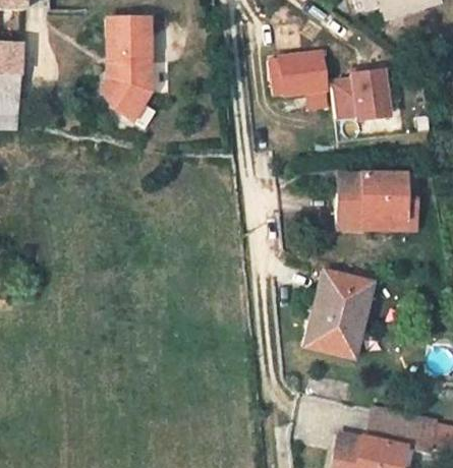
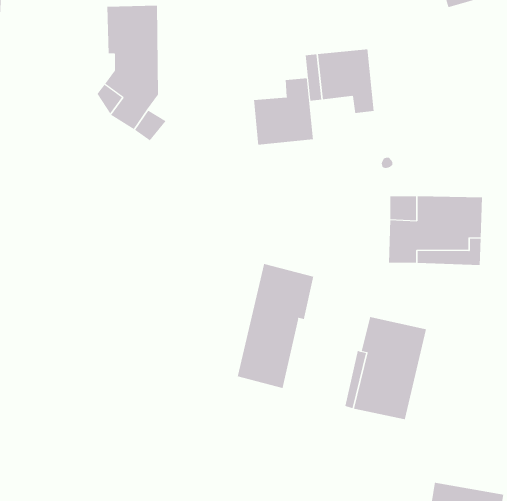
building: [333,68,392,119] -> none
building: none -> [253,78,313,146]
building: none -> [237,263,314,389]

